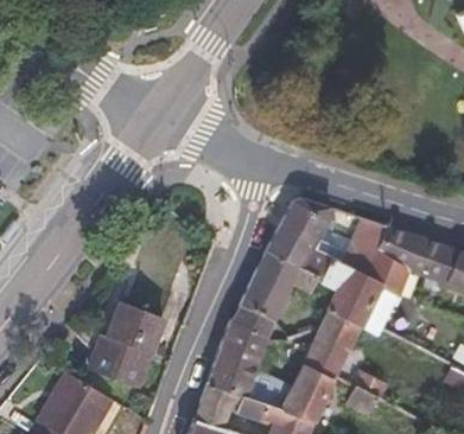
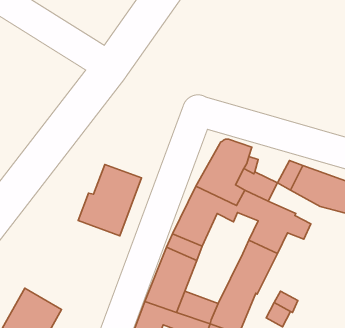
building: [349,249,409,296] -> none
building: [88,302,161,385] -> [78,164,141,236]

